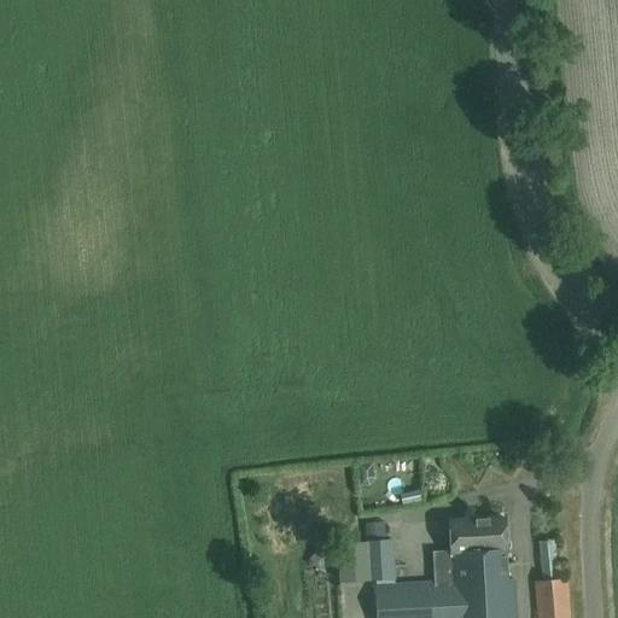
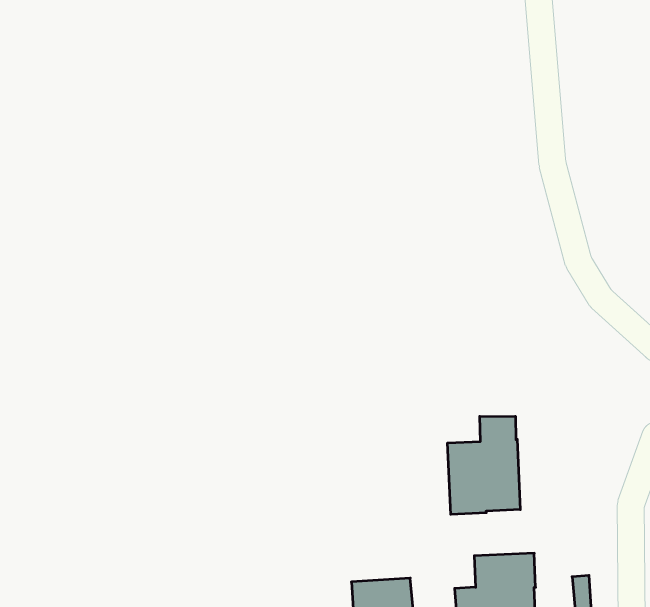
building: none -> [448,416,520,514]

